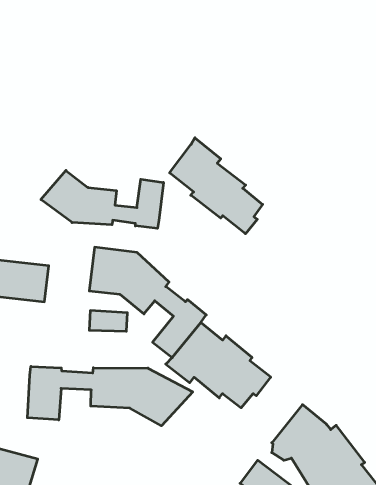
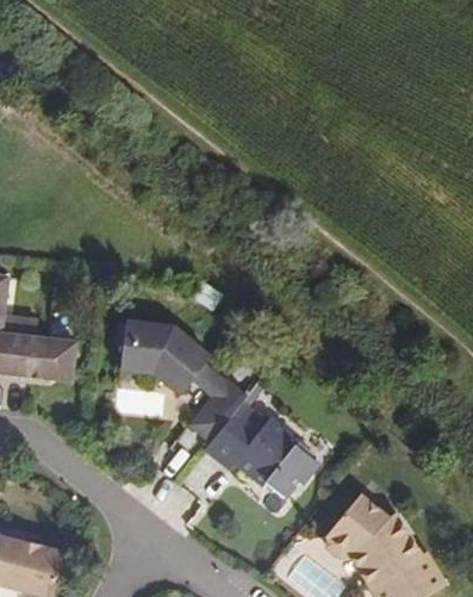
building: [170,138,263,234] -> none
building: [41,170,163,228] -> none
building: [27,366,193,426] -> none

